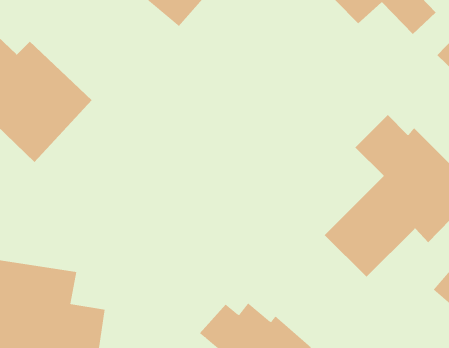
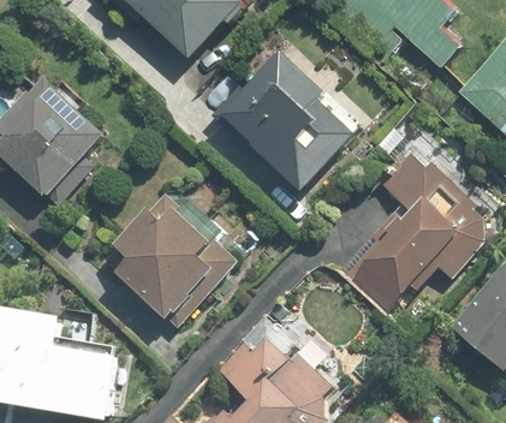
building: none -> [196,53,357,193]
building: none -> [101,184,226,322]

